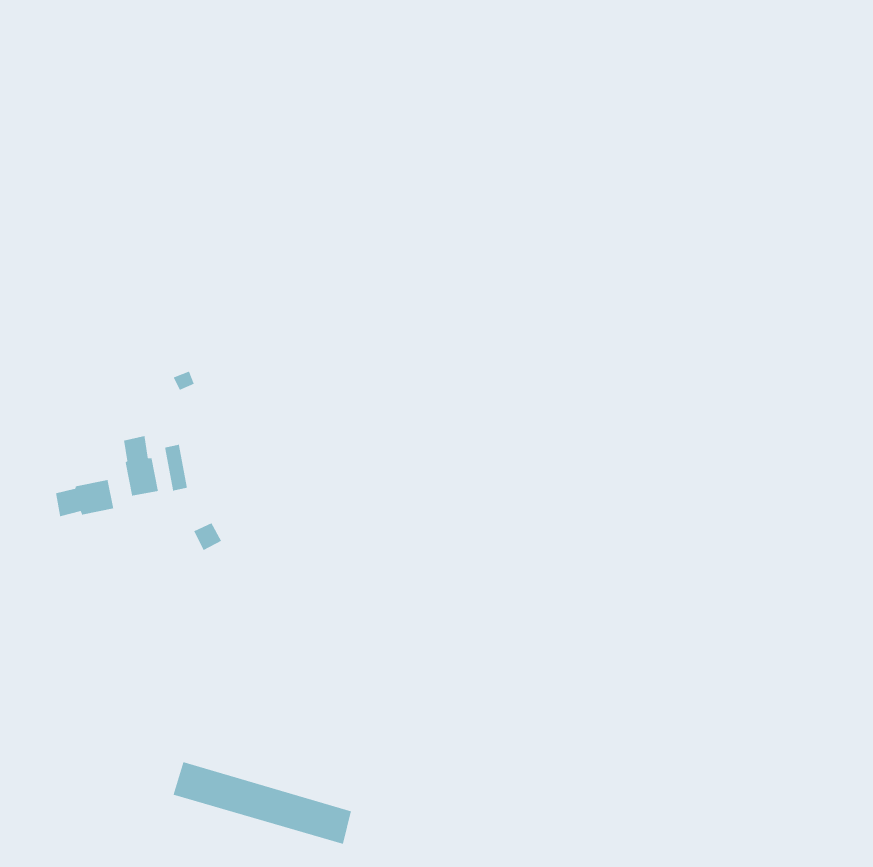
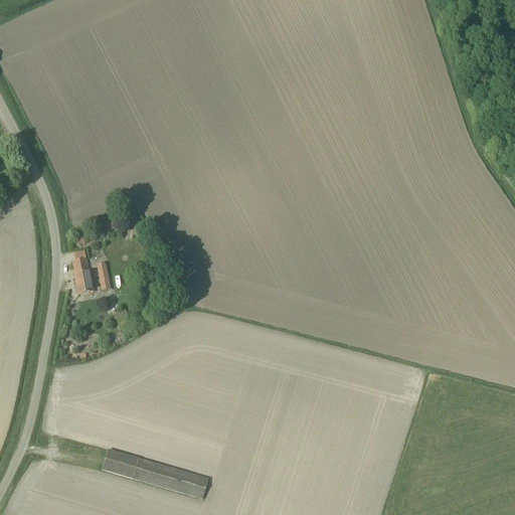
building: [55,479,114,517] -> none

